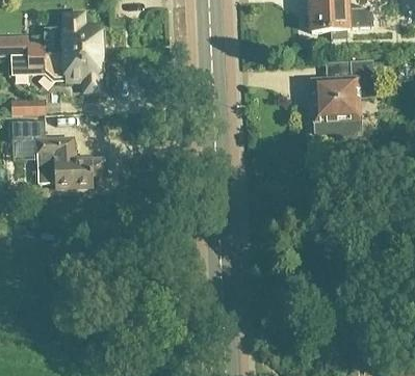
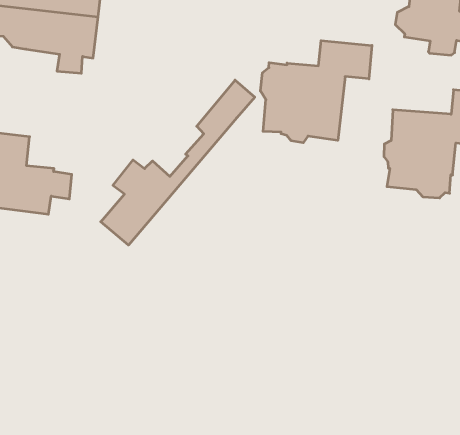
building: none -> [260,41,372,143]
building: none -> [101,80,255,245]

